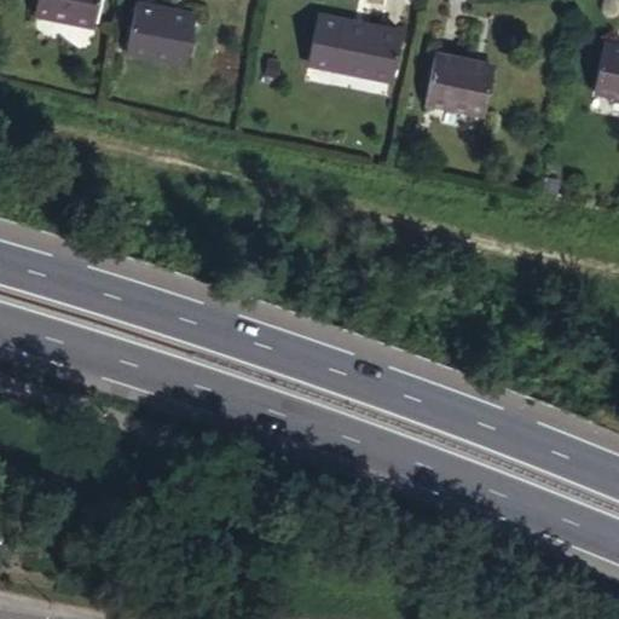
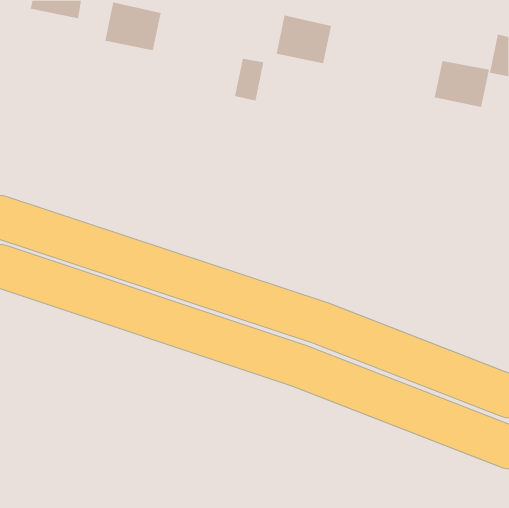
building: [308,15,345,66] -> [234,58,264,101]
building: [427,56,494,112] -> [434,61,490,107]

